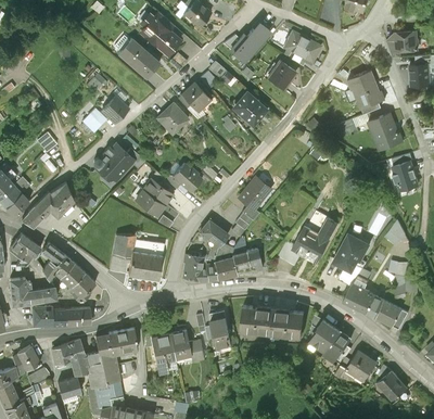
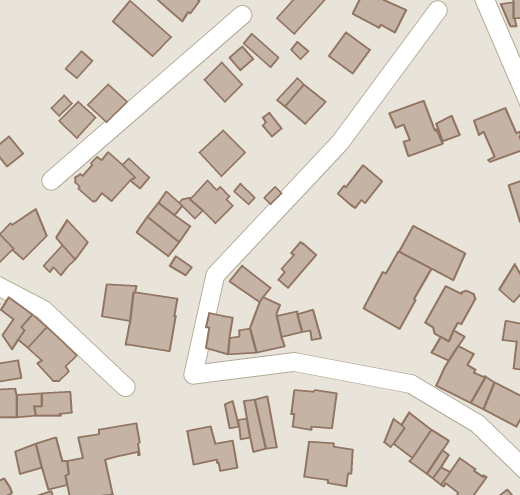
building: [347,69,384,107] -> [389,101,443,156]
building: [156,102,188,134] -> [199,130,245,176]
building: [240,177,270,206] -> [338,165,382,208]
building: none -> [399,226,465,280]
building: [270,308,304,339] -> [304,442,353,486]
building: [152,334,176,372] -> none

